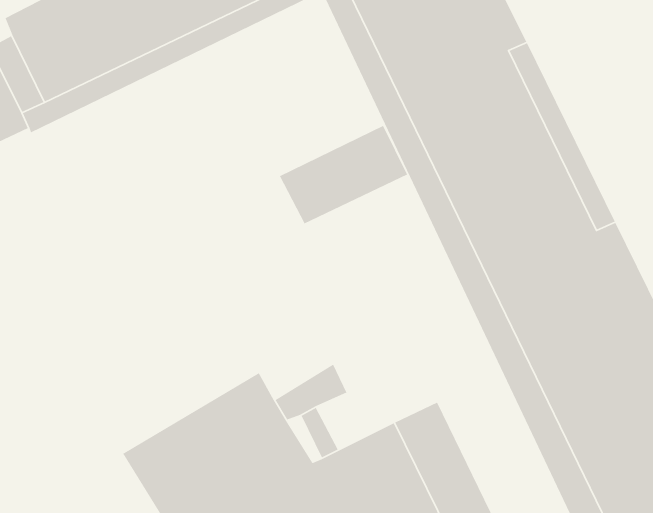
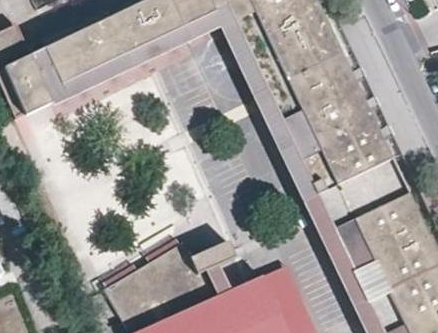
building: [279,125,408,224] -> none

